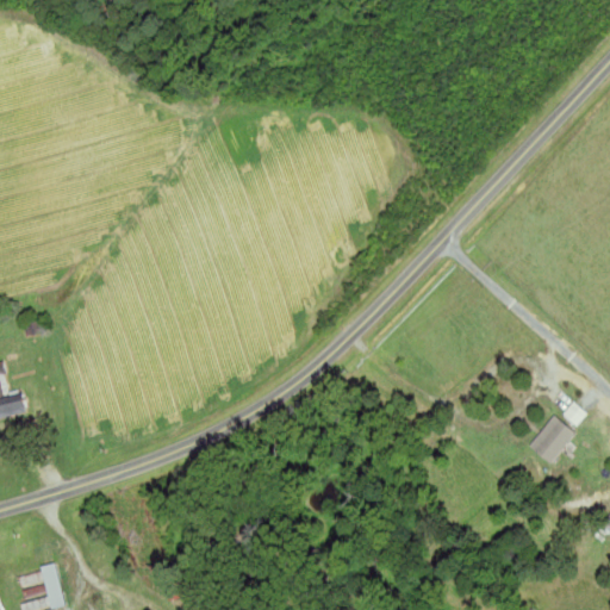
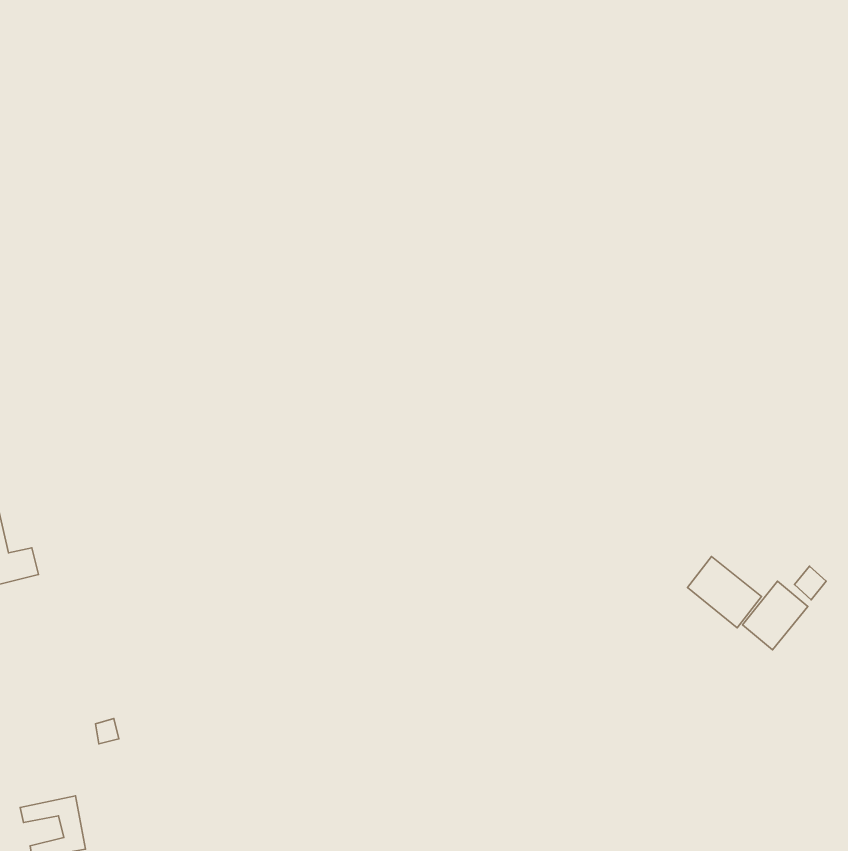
building: none -> [687,556,761,628]

